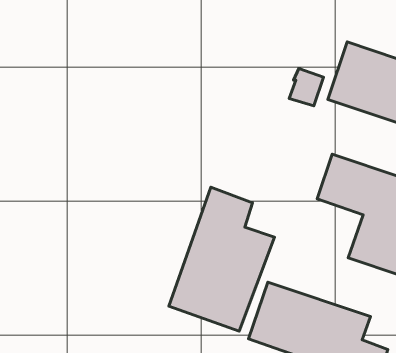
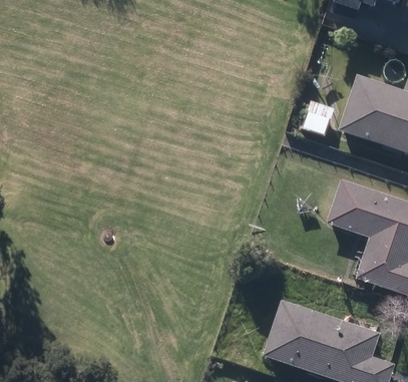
building: [169,187,274,331] -> none

